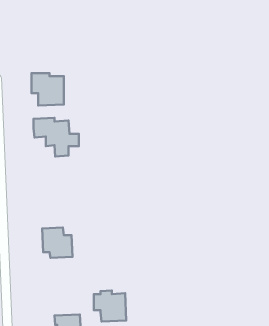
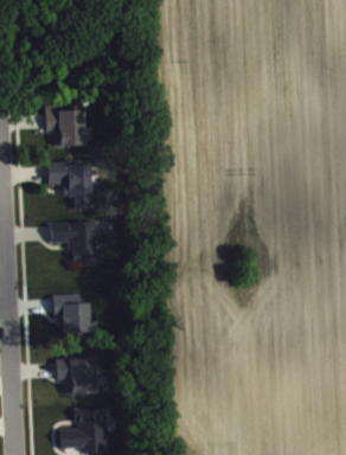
building: none -> [50,222,114,264]
building: [94,290,126,322] -> [56,354,96,393]

